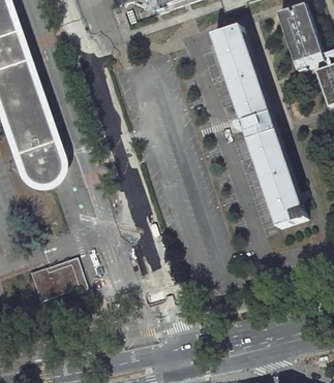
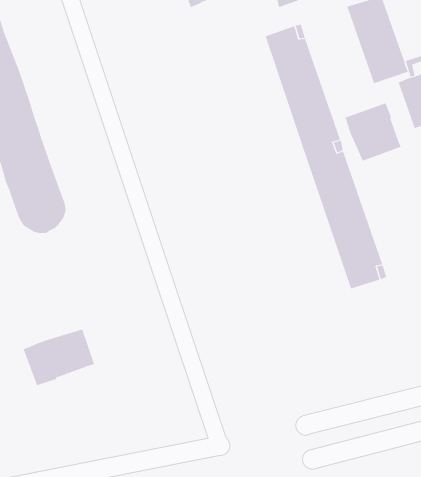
building: none -> [345,103,401,162]

